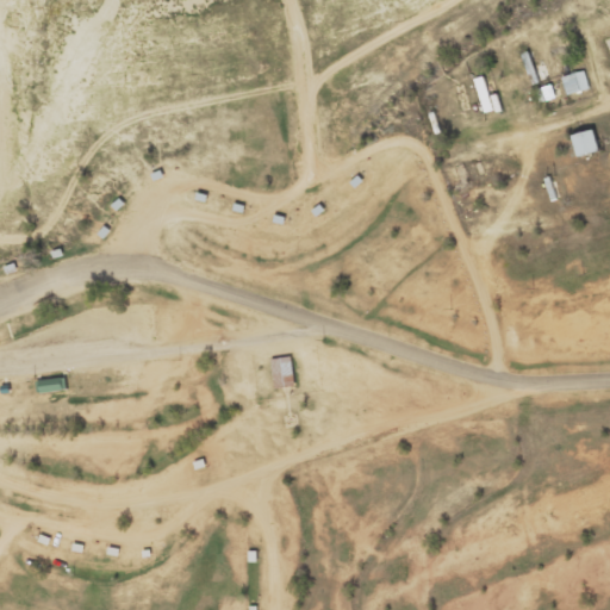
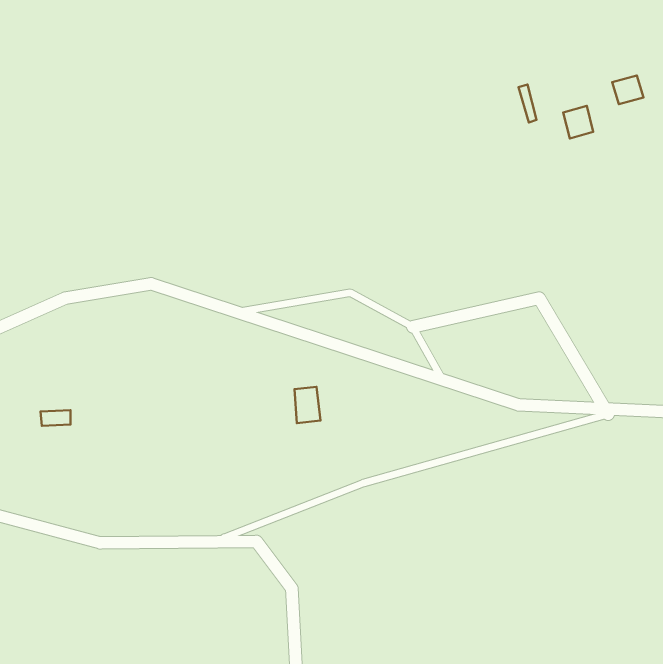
building: [571,129,598,158] -> [563,106,593,138]

